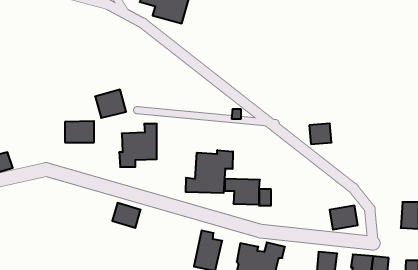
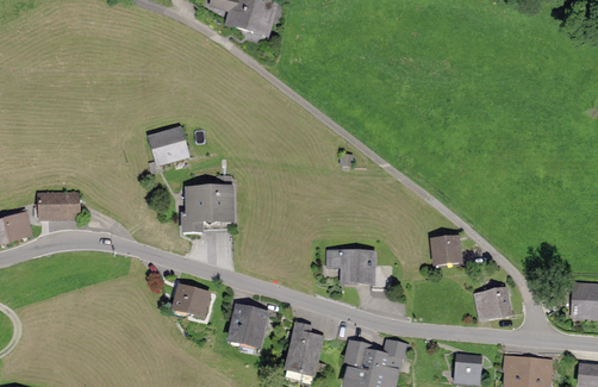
building: [65,121,94,142] -> [38,191,79,220]
building: [309,124,332,144] -> [430,237,461,266]
building: [186,150,233,193] -> none
building: none -> [226,304,269,350]

